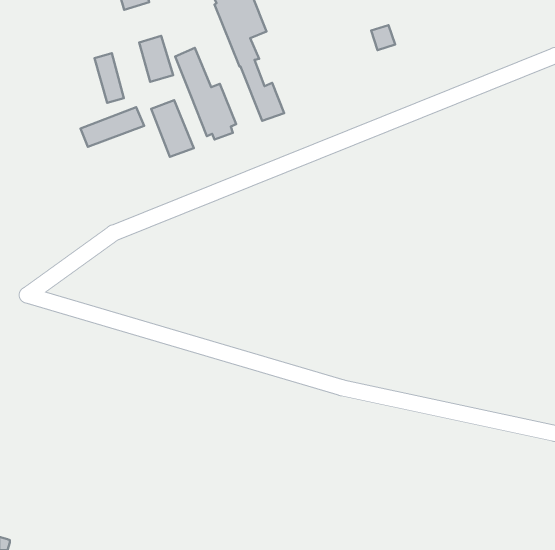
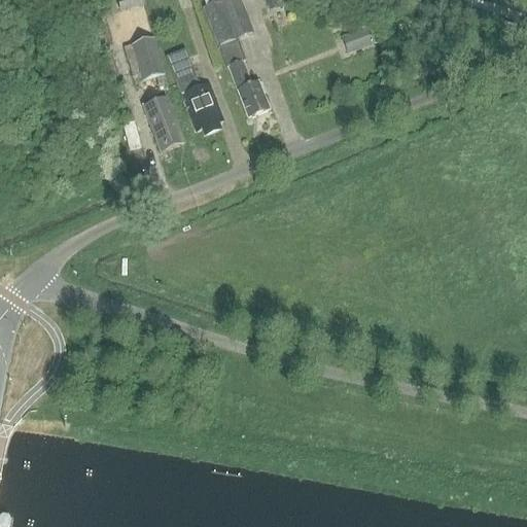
building: [94,53,124,103] -> none
building: [80,107,144,147] -> none

